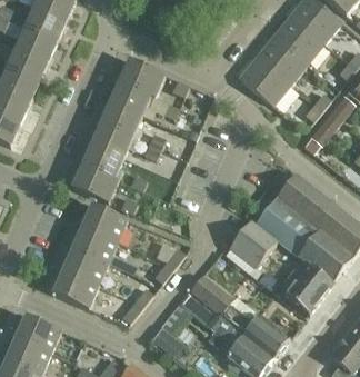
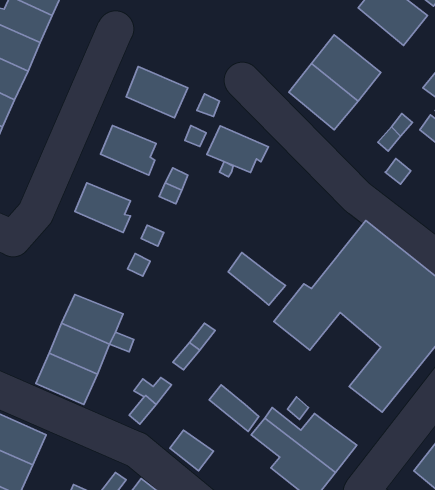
building: [272,16,323,63] -> none
building: [109,81,154,116] -> [207,126,268,173]
building: [90,123,136,158] -> none
building: [71,166,117,202] -> none
building: [81,204,127,241] -> none
building: [190,276,232,315] -> [228,252,286,305]

